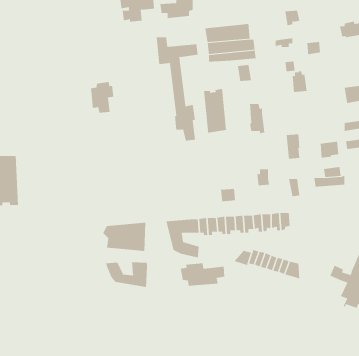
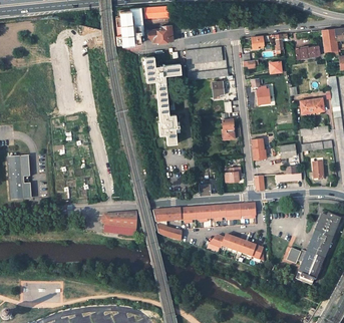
building: [91,81,114,113] -> none
building: [204,88,227,133] -> none
building: [104,261,148,288] -> none
building: [180,263,225,287] -> none

